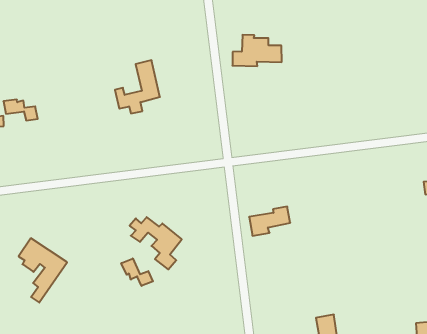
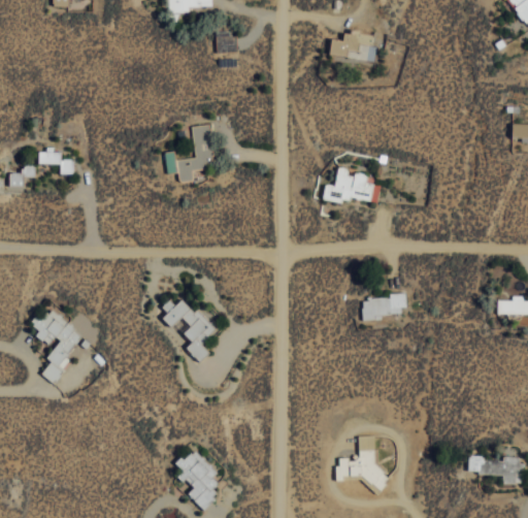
building: [232,35,282,66] -> [322,167,380,204]
building: [249,207,290,236] -> [361,293,406,321]
building: [121,258,153,286] -> none

